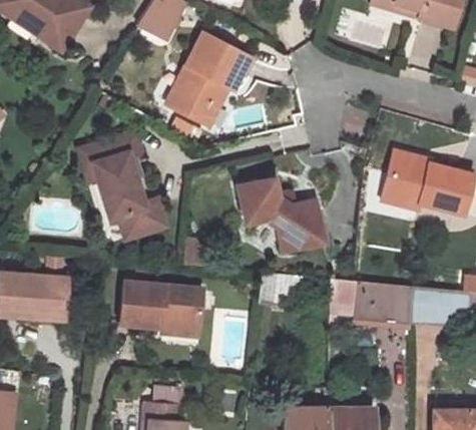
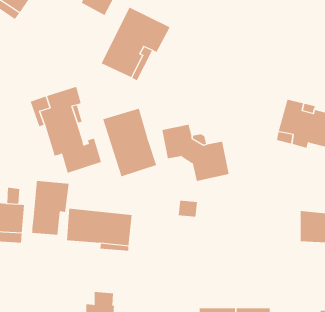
building: none -> [103,108,157,177]
building: none -> [32,180,69,236]
building: [333,280,411,324] -> none

